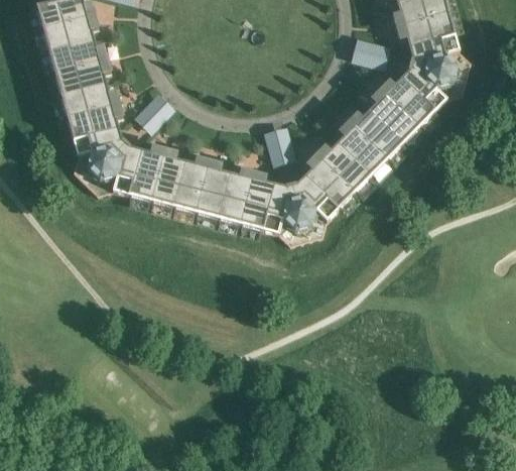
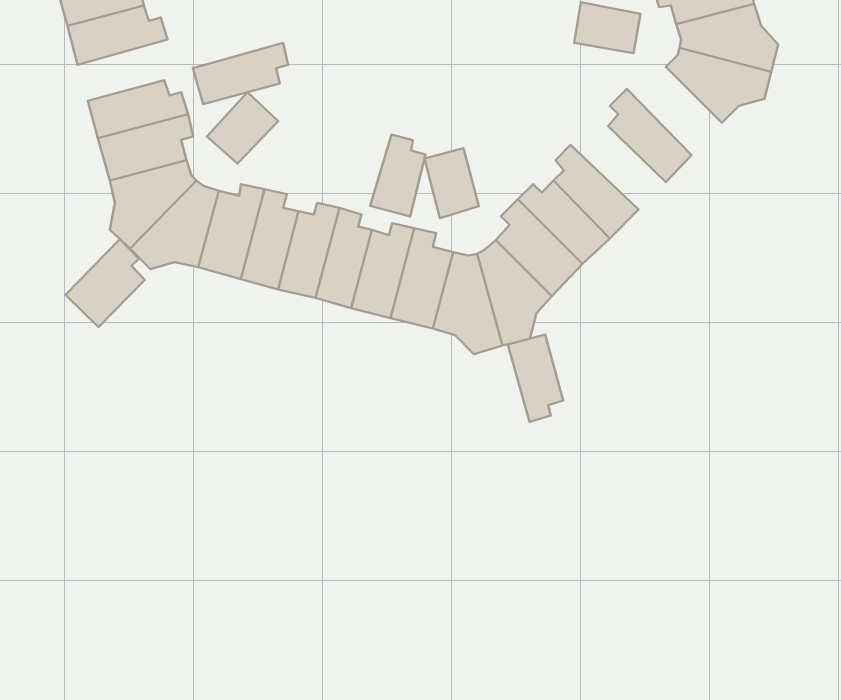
building: [53,57,110,94] -> [193,43,288,104]
building: [379,74,435,126] -> none
building: [346,109,402,158] -> none
building: none -> [370,135,425,217]
building: none -> [66,239,145,327]
building: none -> [508,335,563,422]

